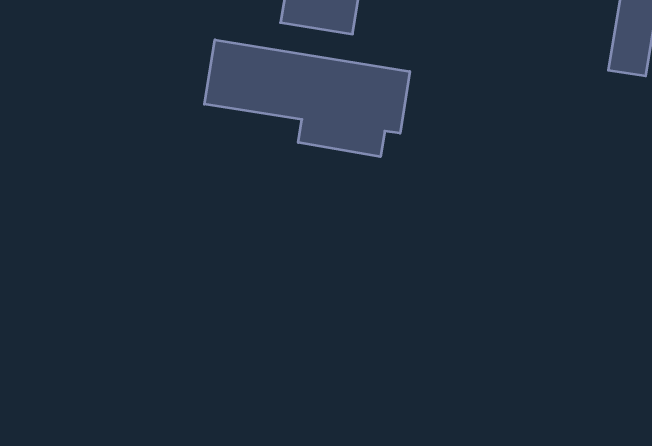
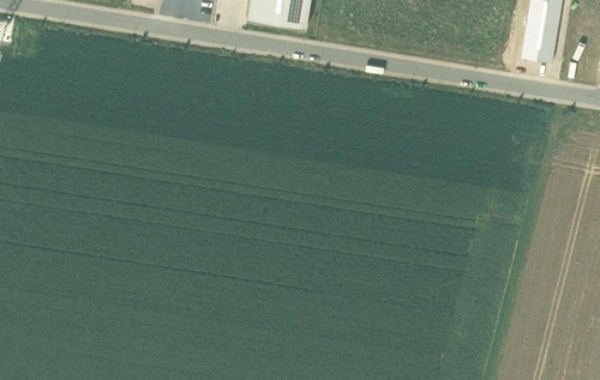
building: [204,40,410,157] -> none

